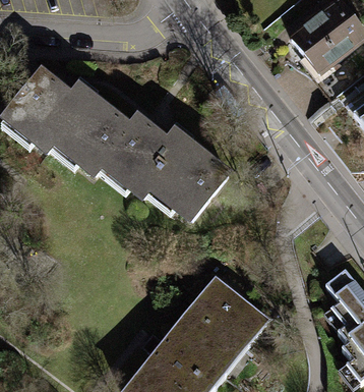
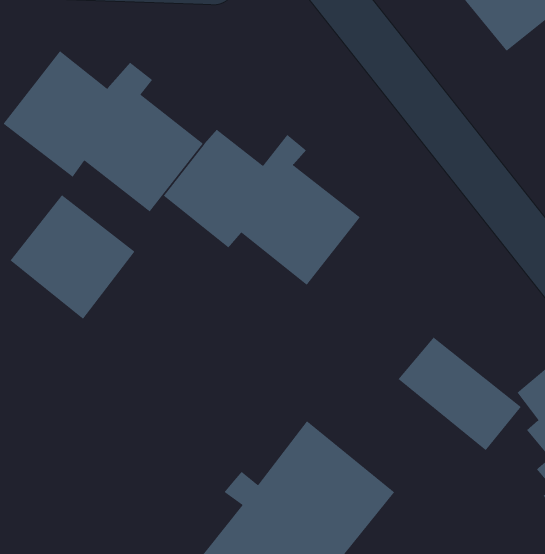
building: none -> [10,194,135,320]
building: [195,275,272,346] -> [397,337,522,451]

